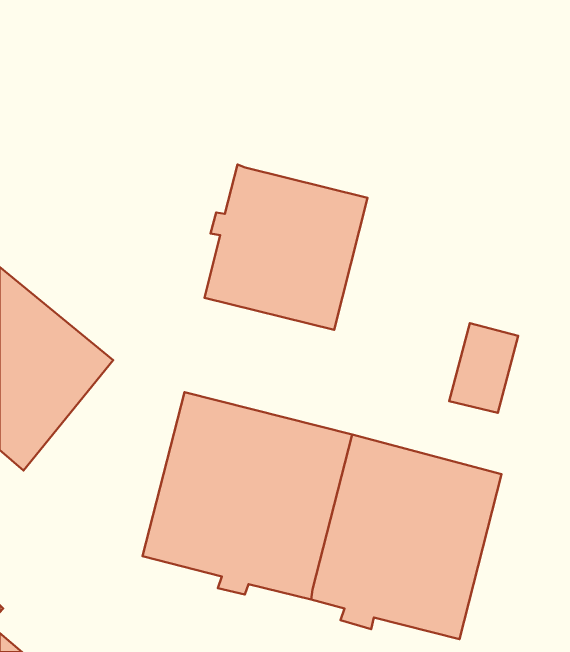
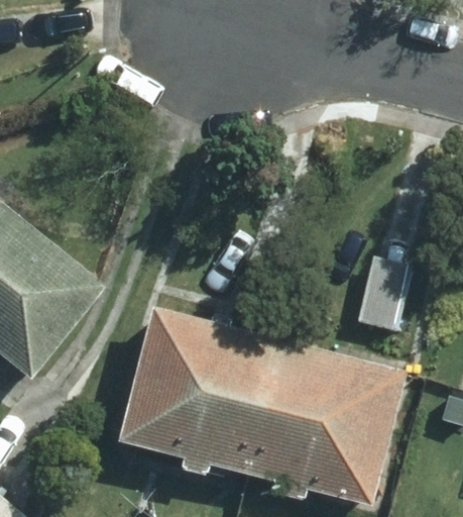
building: [205,165,368,330] -> none

